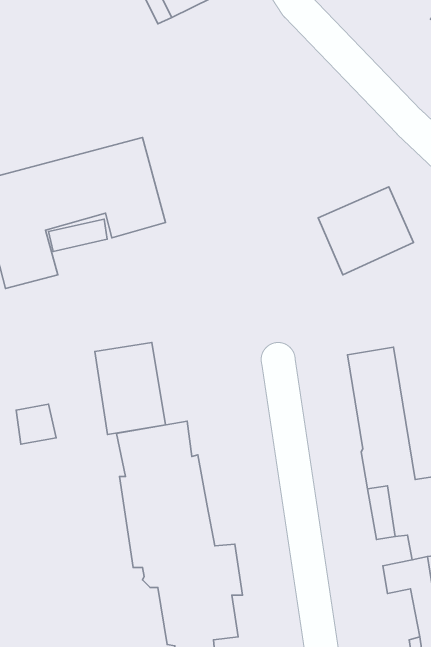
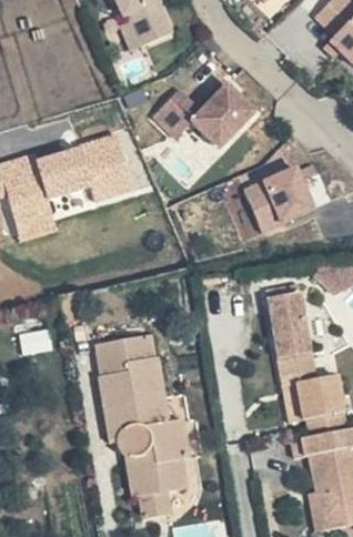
building: none -> [150,91,251,154]
building: [95,342,166,435] -> none

